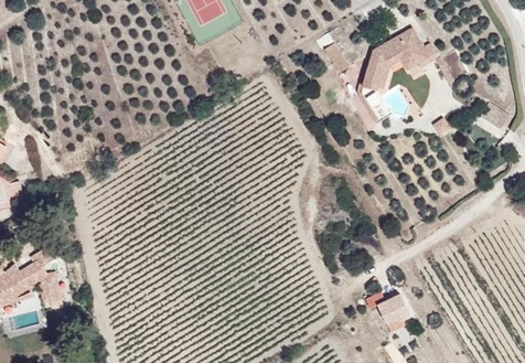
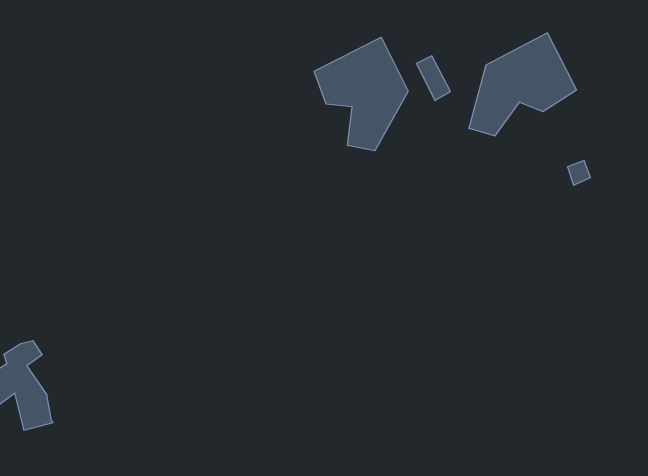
building: none -> [314,37,408,151]
building: [367,296,410,332] -> none

